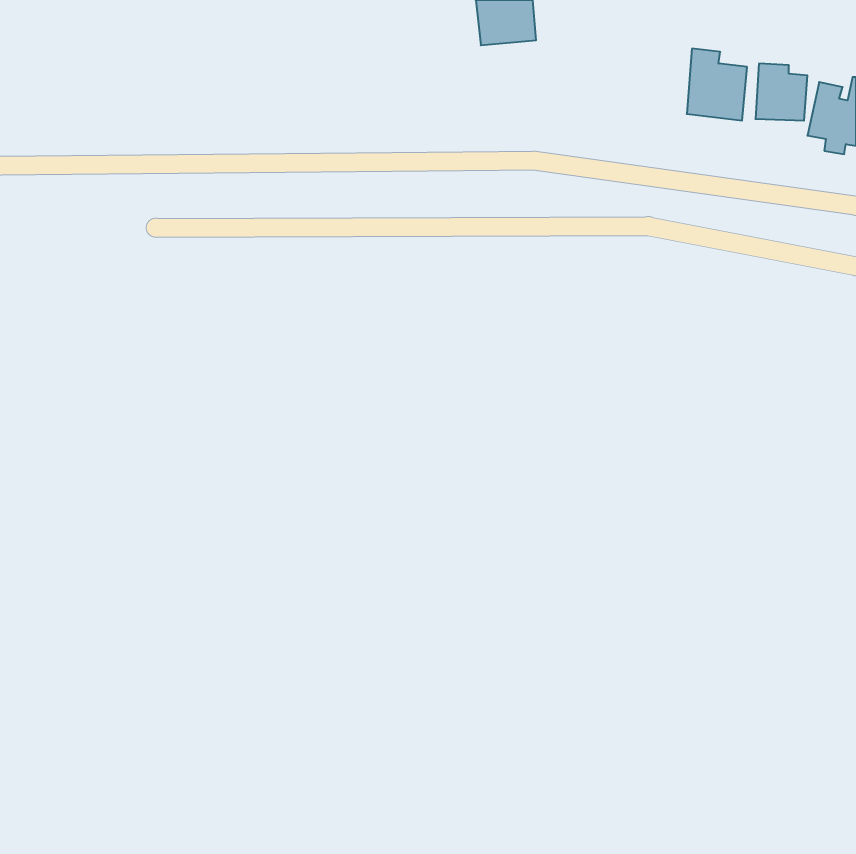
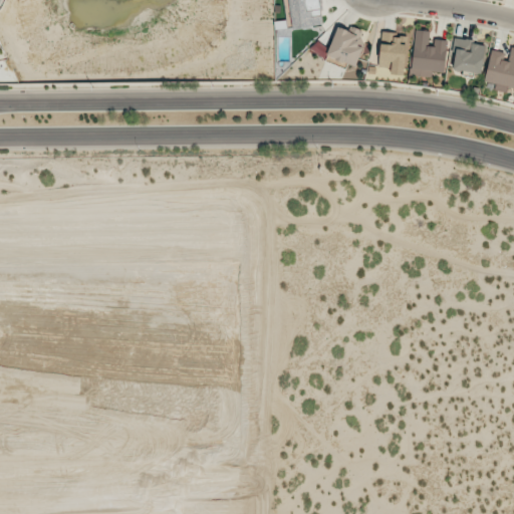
building: none -> [326,26,363,68]
building: none -> [378,32,406,76]

